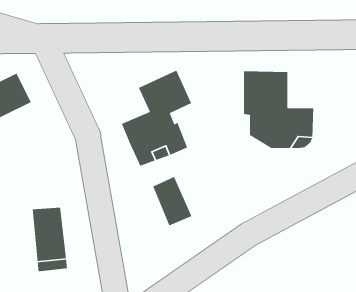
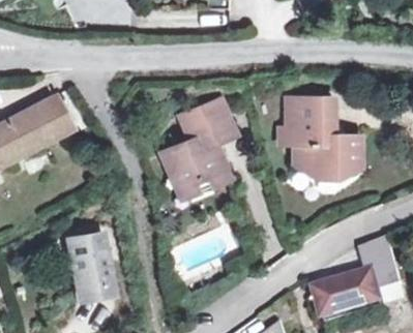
building: [152,176,192,227] -> none
building: none -> [314,233,401,314]

